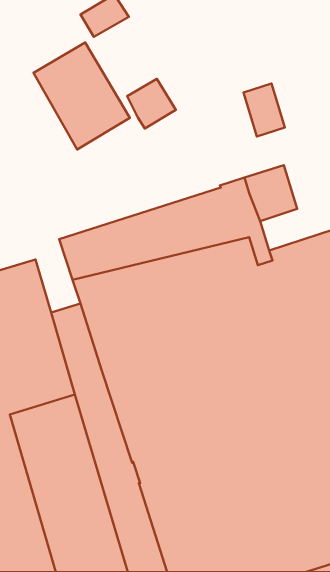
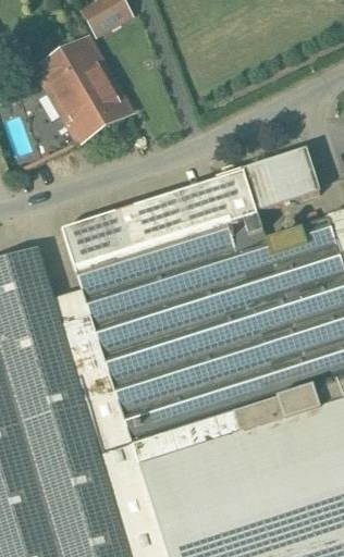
building: [127,79,176,128] -> none
building: [243,84,285,136] -> [280,151,320,202]

